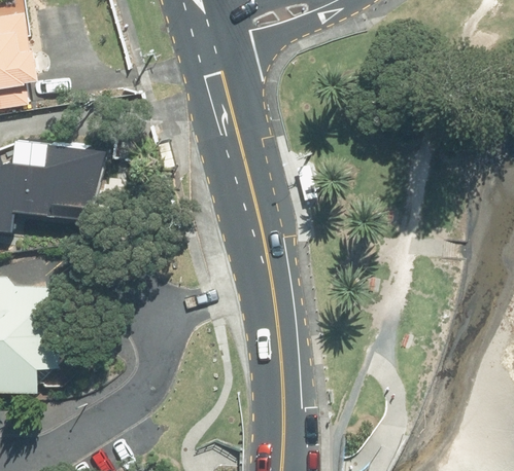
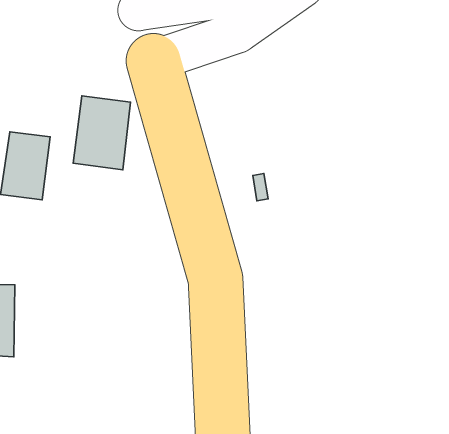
building: none -> [73,96,130,170]

